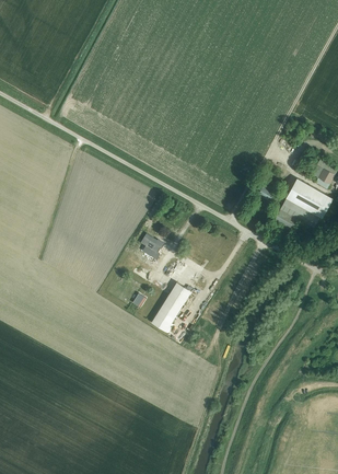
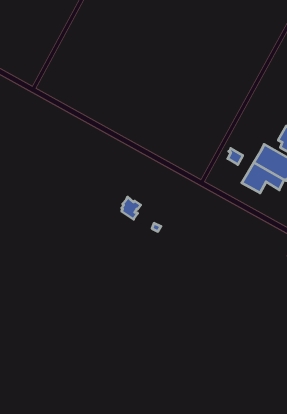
building: [152,280,191,330] -> none

